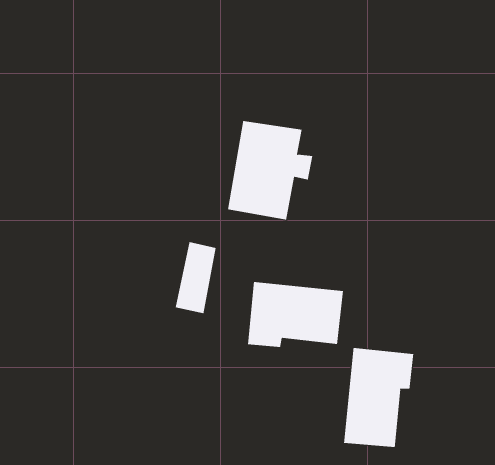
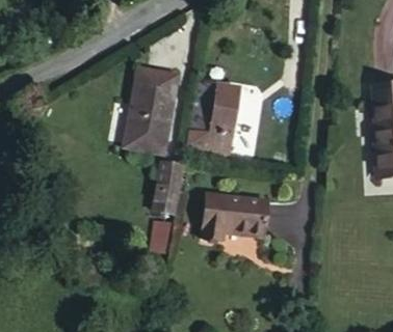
building: none -> [125,71,177,156]
building: [343,347,414,448] -> none

